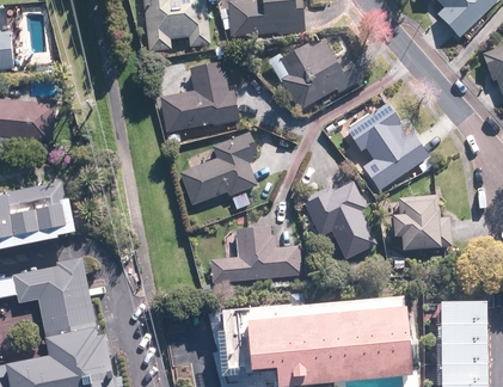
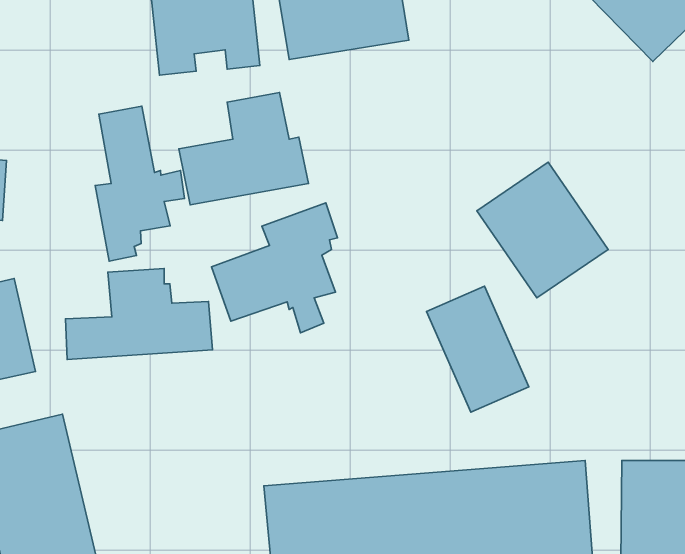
building: [275,35,357,110] -> none
building: none -> [95,106,185,261]
building: [395,196,444,247] -> none
building: [208,225,299,281] -> [65,268,212,359]

